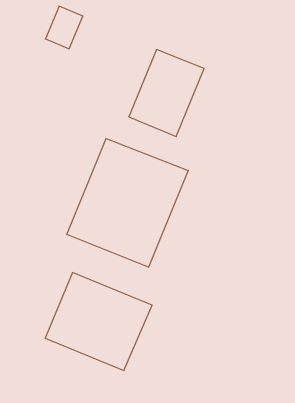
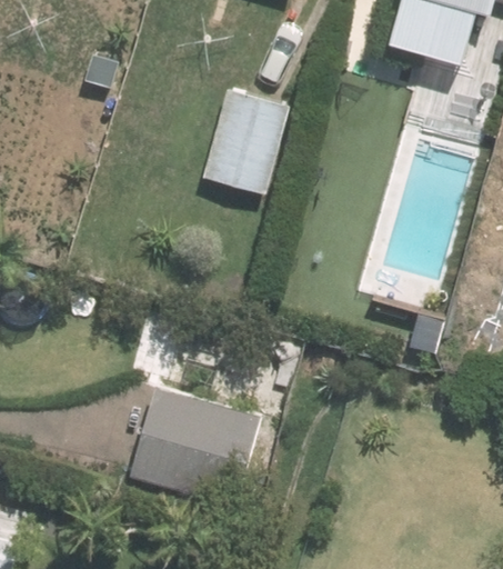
building: [67,138,188,267] -> none

